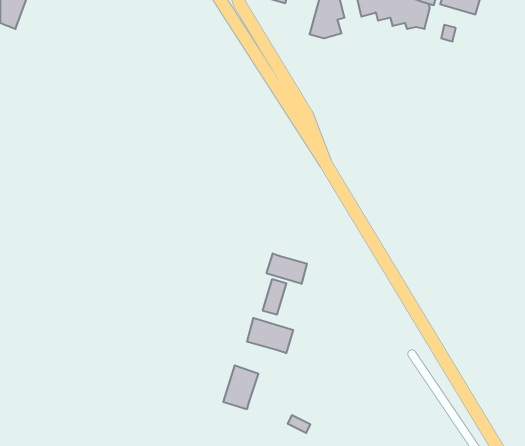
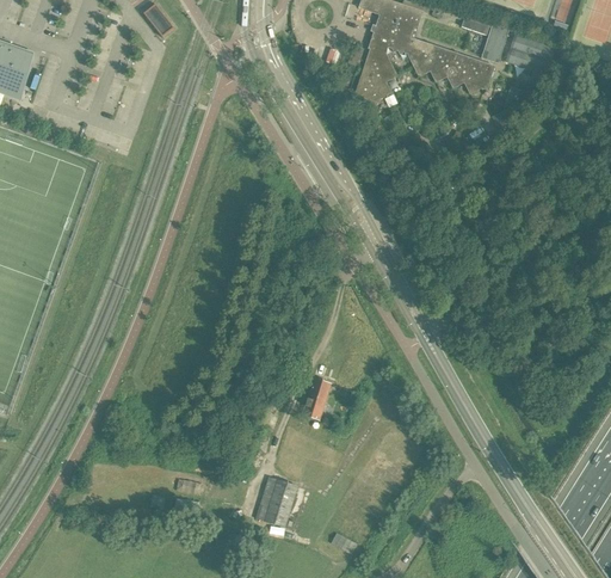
building: [267,253,307,284] -> none
building: [247,318,293,353] -> none

